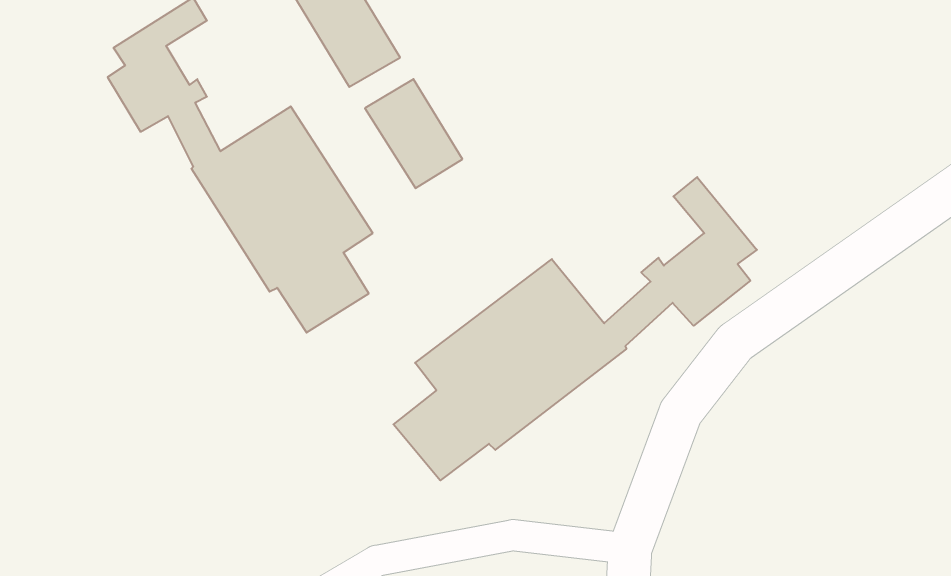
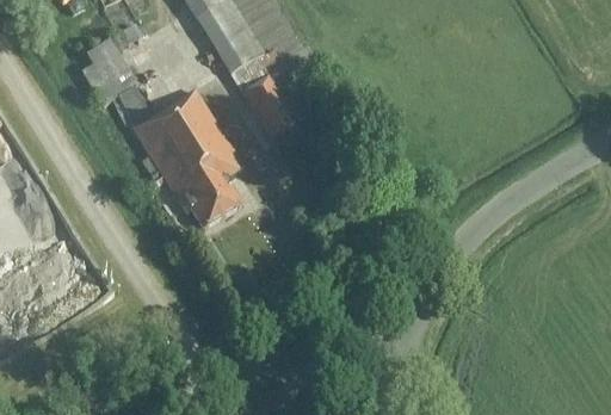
building: [393,177,757,480] -> none

